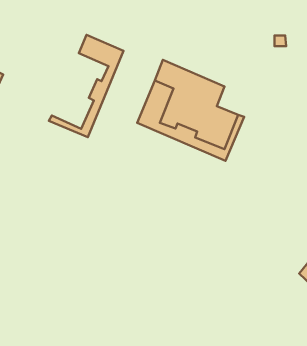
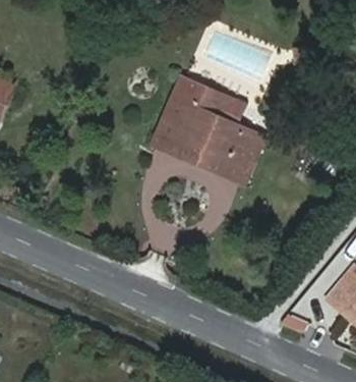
building: [49,35,123,137] -> none

